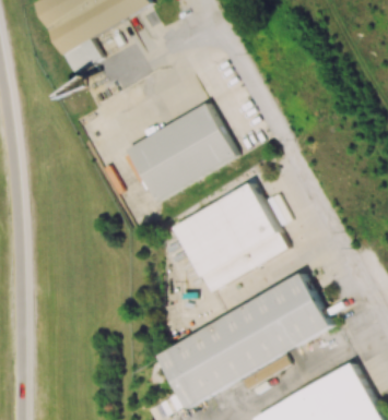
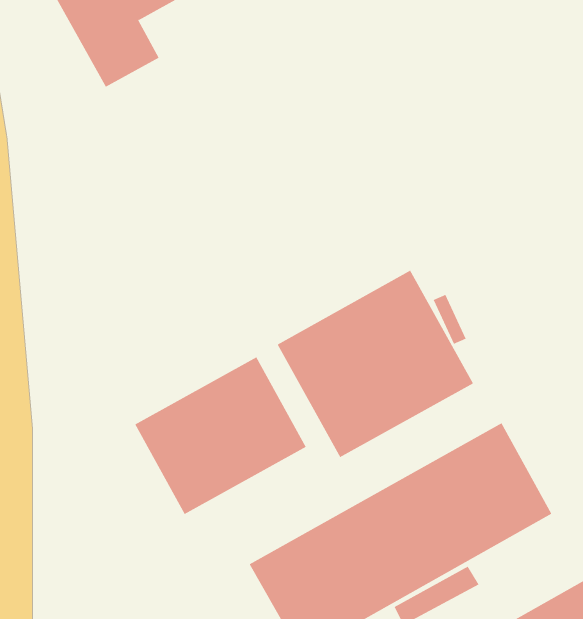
building: [125,103,236,202] -> none
building: none -> [134,356,307,515]

